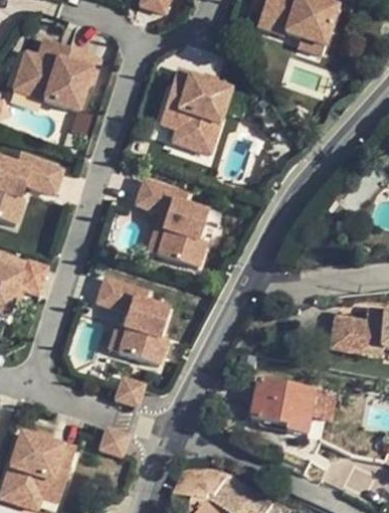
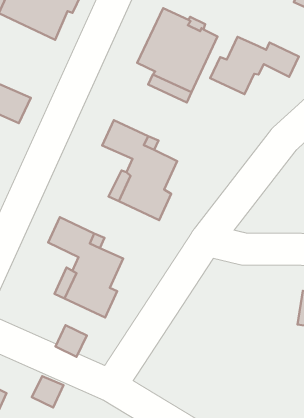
building: none -> [210,37,299,94]
building: [255,380,316,436] -> none

